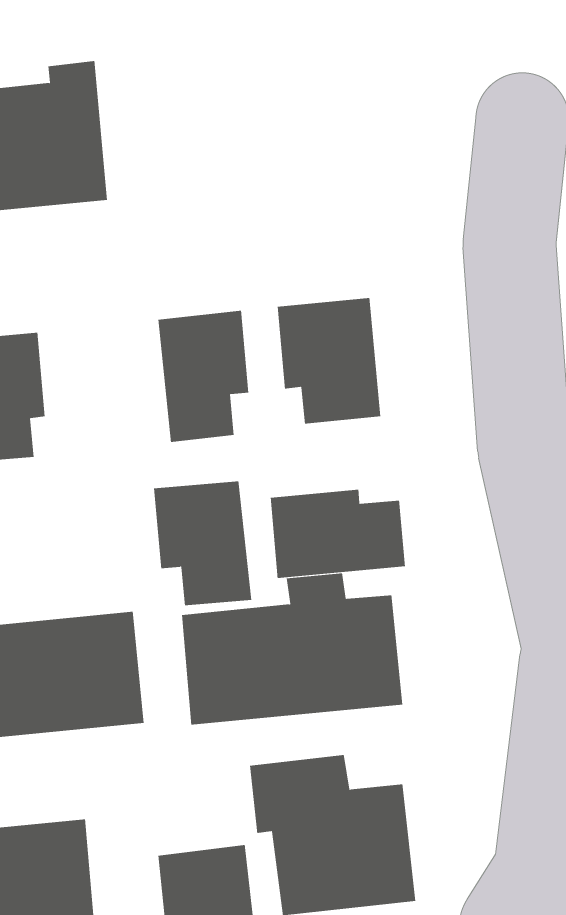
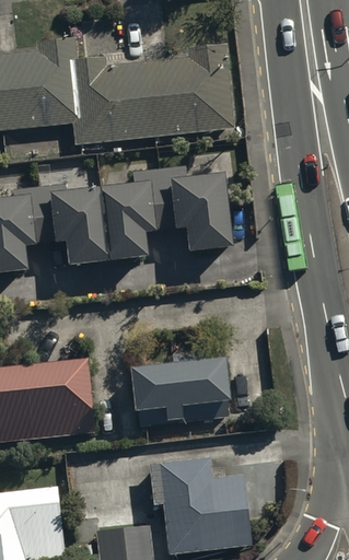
building: none -> [65,43,233,143]
building: [153,481,252,606] -> [47,194,106,268]
building: [270,489,405,579] -> none

